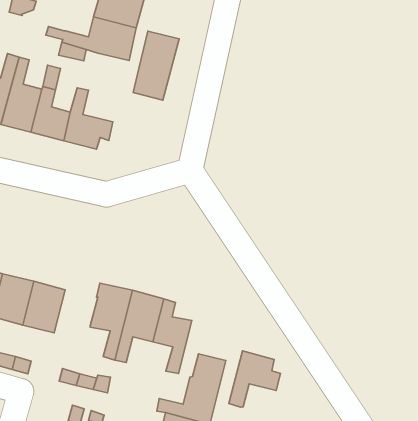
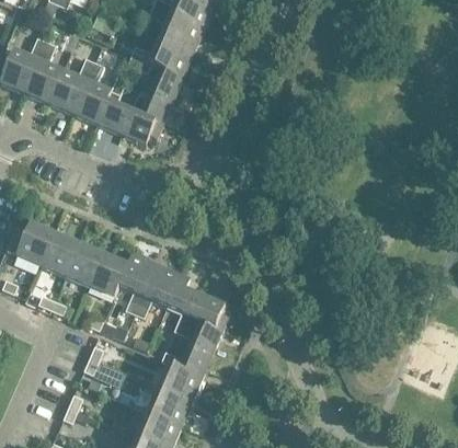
building: [133,31,179,100] -> [139,68,183,125]
building: none -> [89,253,128,297]
building: [229,351,280,407] -> [183,294,228,338]

